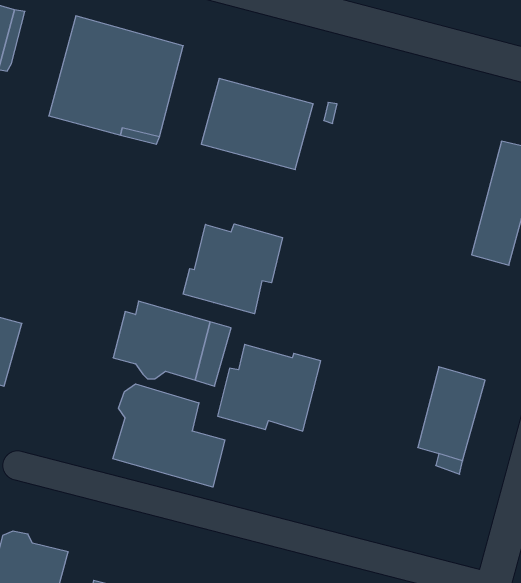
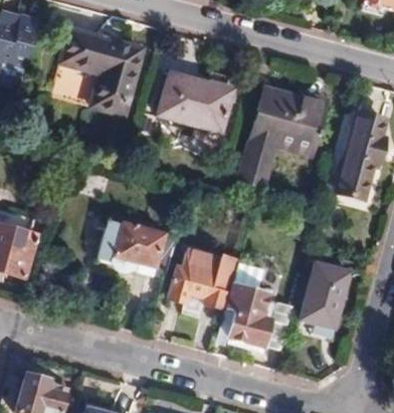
building: none -> [239,85,328,184]
building: [183,224,283,314] -> none
building: [113,384,225,487] -> none
building: none -> [226,279,273,345]

